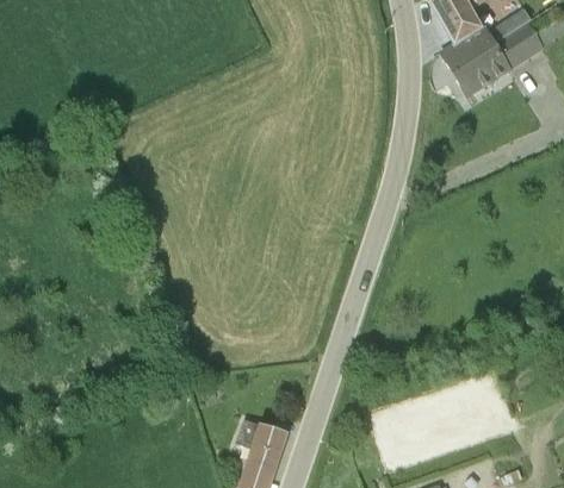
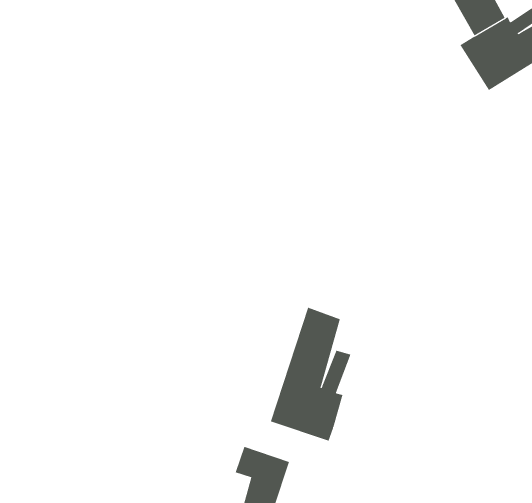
building: none -> [270,307,351,441]

